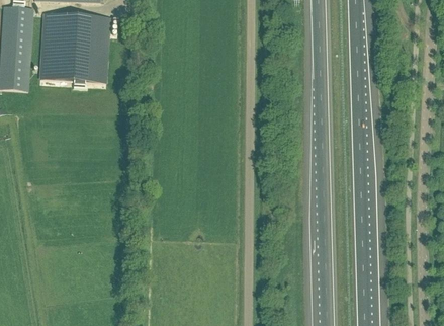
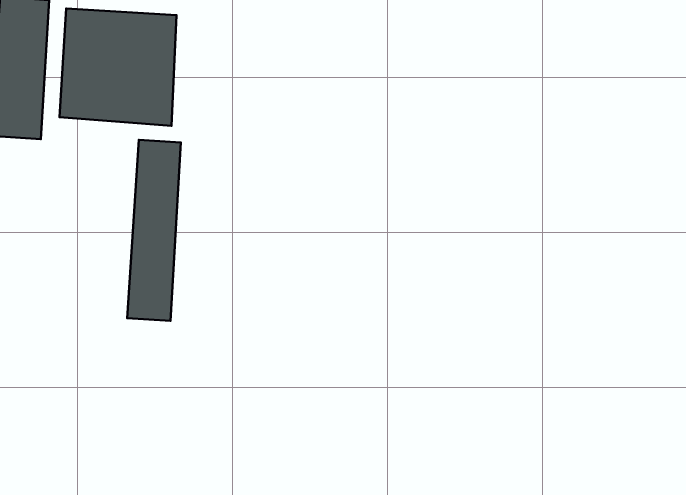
building: none -> [127,140,181,321]

